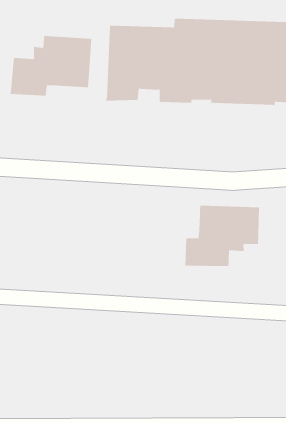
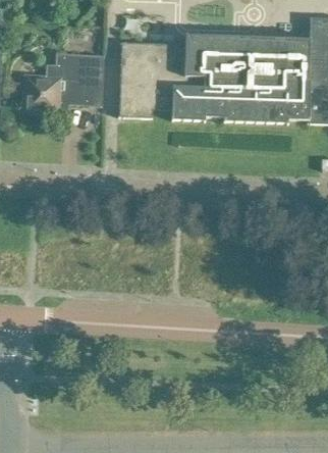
building: [185,205,260,267] -> none

